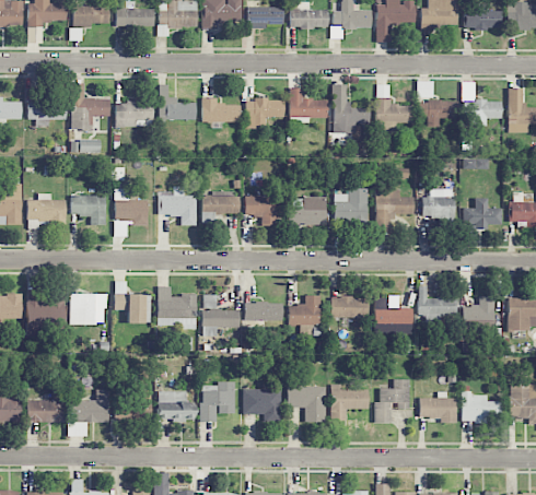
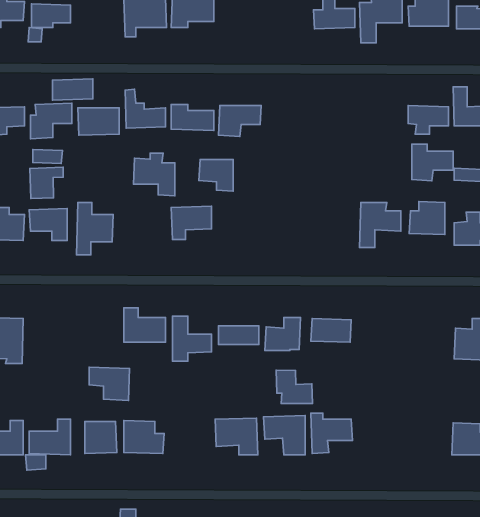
building: [246,7,282,28] -> none
building: [116,8,153,27] -> [52,79,93,100]
building: [289,9,327,28] -> none
building: [333,84,370,133] -> none
building: [289,87,327,118] -> none
building: [376,98,415,132] -> [412,144,453,181]
building: none -> [30,167,63,199]
building: [158,187,196,226] -> [133,153,175,196]
building: [335,188,368,224] -> none
building: [245,196,277,225] -> [199,159,233,191]
building: [290,197,327,225] -> none
building: [418,286,456,327] -> none
building: [70,293,105,325] -> none
building: [114,293,151,323] -> [89,367,130,400]
building: [375,296,412,334] -> none
building: none -> [276,370,313,404]
building: [374,379,409,423] -> none
building: [200,381,234,422] -> none
building: [419,391,456,421] -> none

